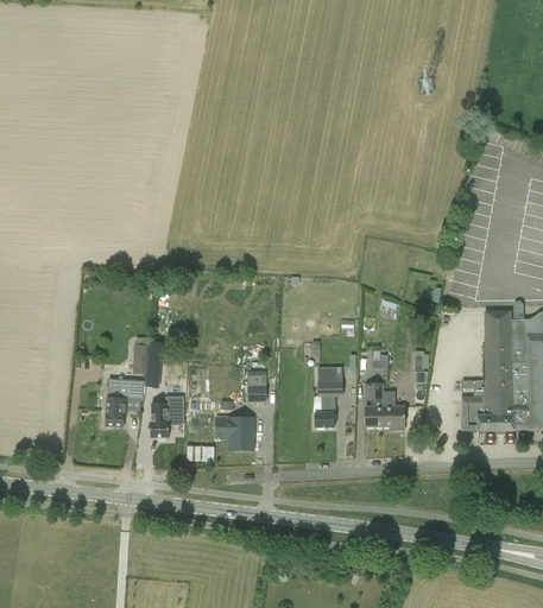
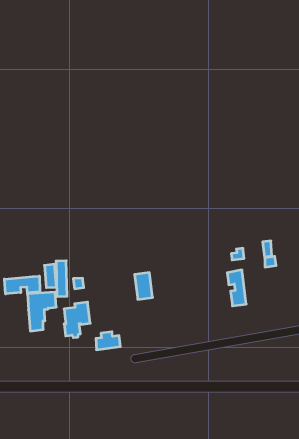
building: none -> [4,276,40,294]
building: [315,366,342,426] -> none
building: [384,390,404,429] -> none
building: [220,417,252,449] -> none

